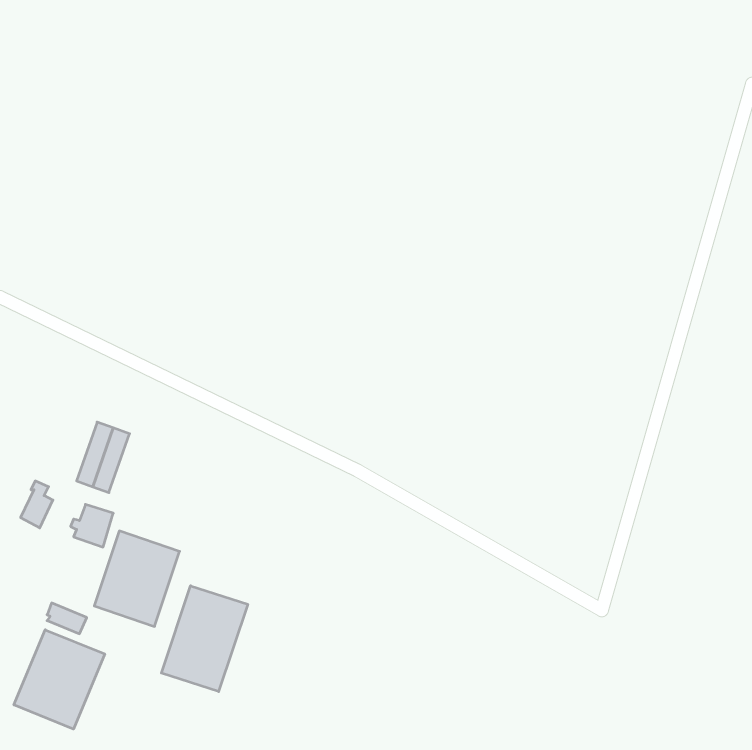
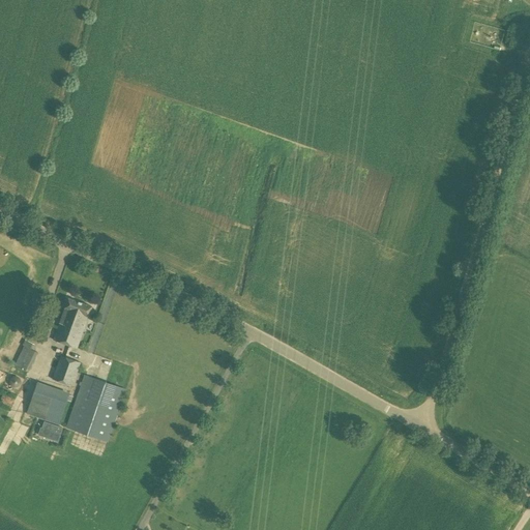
building: none -> [26,381,69,423]
building: [161,586,248,692] -> none
building: [14,630,105,729] -> none

